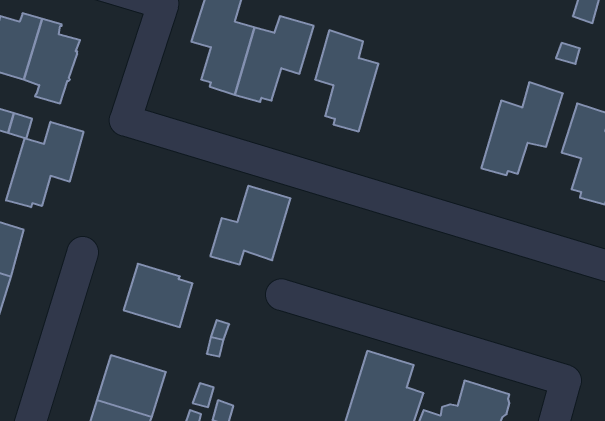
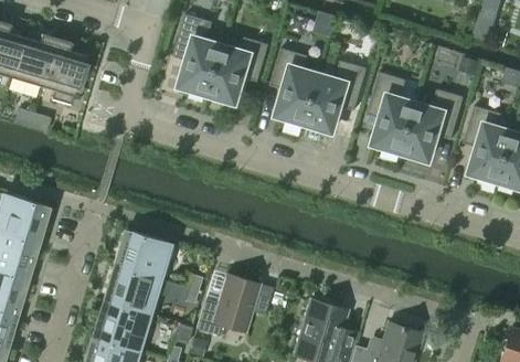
building: none -> [305,60,368,132]
building: none -> [368,72,416,156]
building: [6,122,83,207] -> none
building: [210,186,291,264] -> [197,274,259,336]
building: none -> [110,267,165,316]

